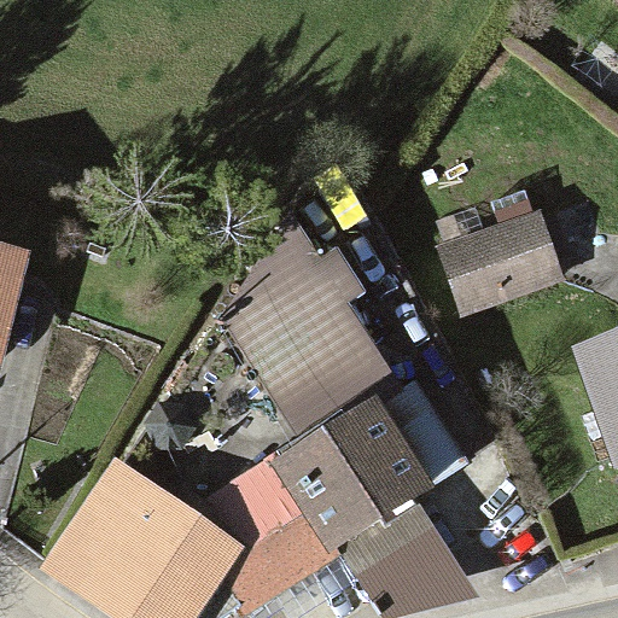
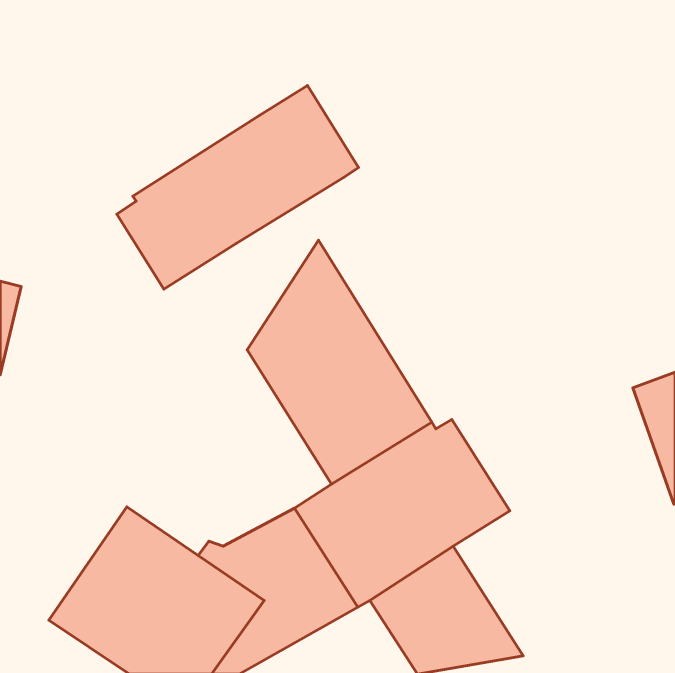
building: none -> [117,86,359,289]
building: [443,220,553,307] -> none

